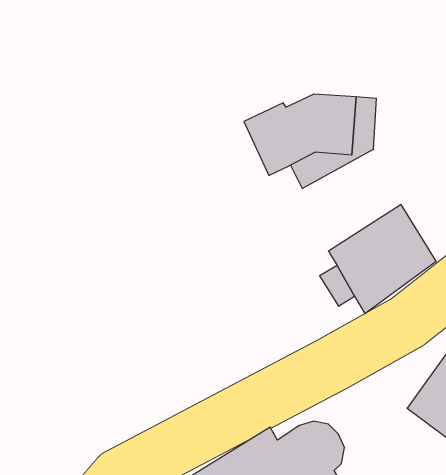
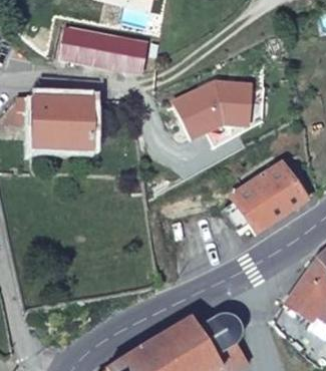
building: none -> [59,26,144,76]
building: none -> [14,96,91,152]

